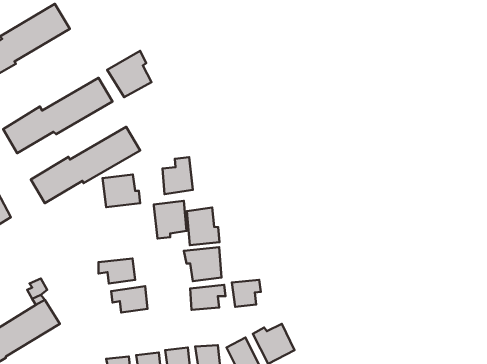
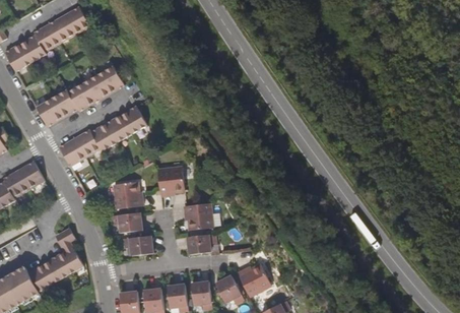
building: [107,51,152,97] -> none
building: [163,157,193,194] -> none
building: [103,174,140,207] -> [113,182,143,208]
building: [187,208,219,245] -> none
building: [232,280,261,307] -> none

